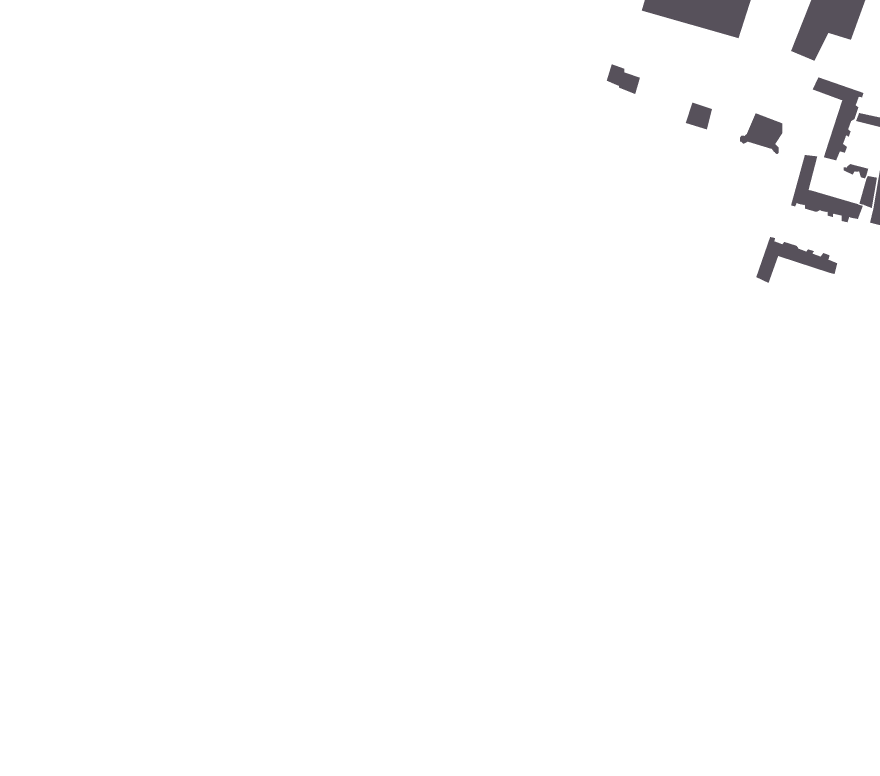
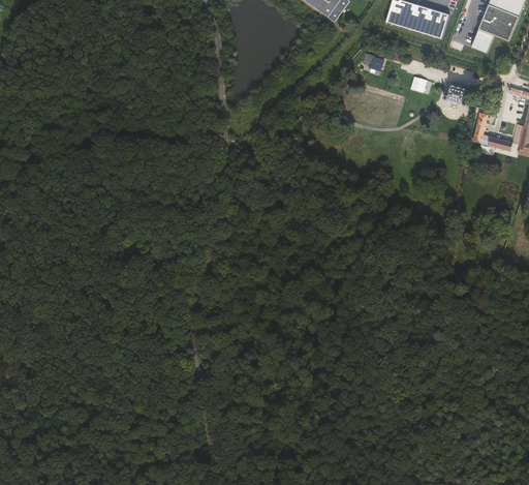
building: [812,76,864,161] -> none
building: [755,236,838,284] -> none

